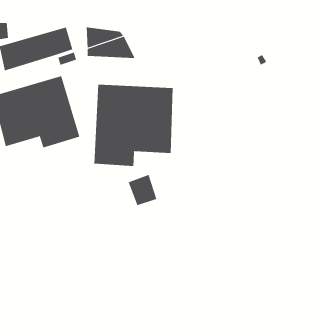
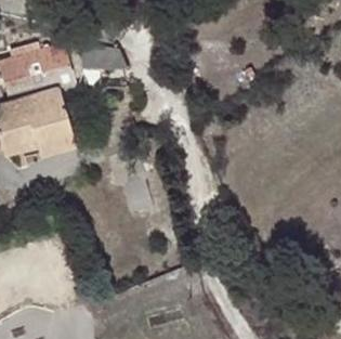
building: [94,84,173,167] -> none

